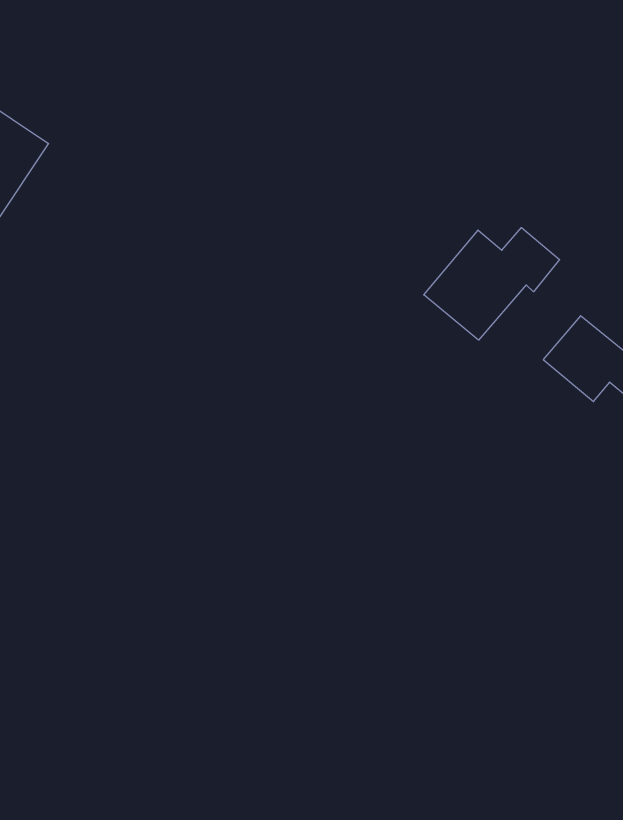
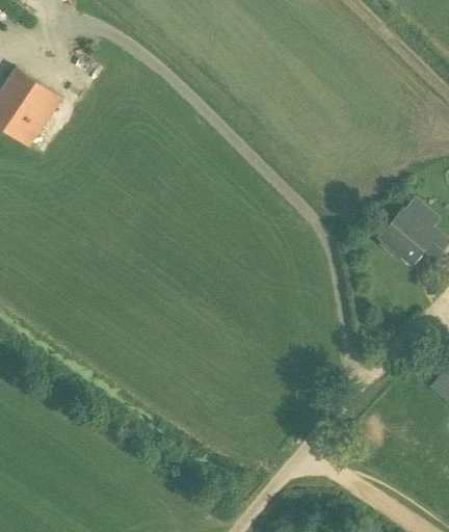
building: [424,228,560,340] -> none

